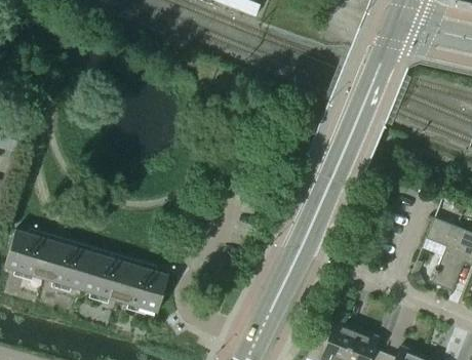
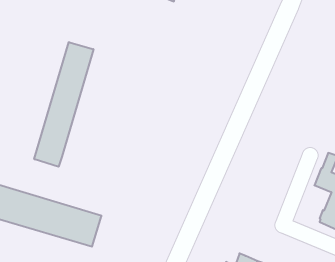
building: none -> [34,42,93,167]

